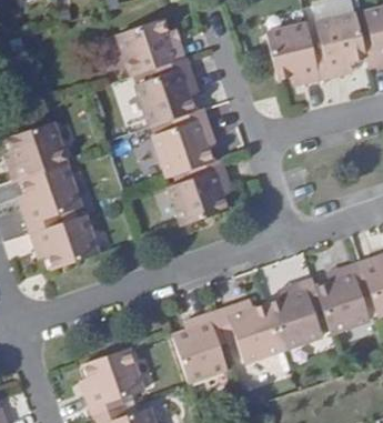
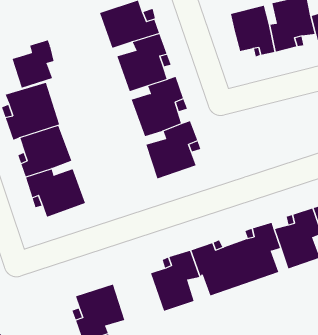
building: none -> [12,40,54,89]

